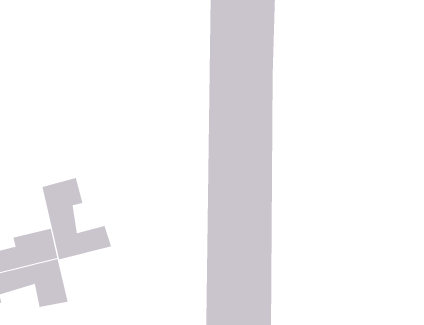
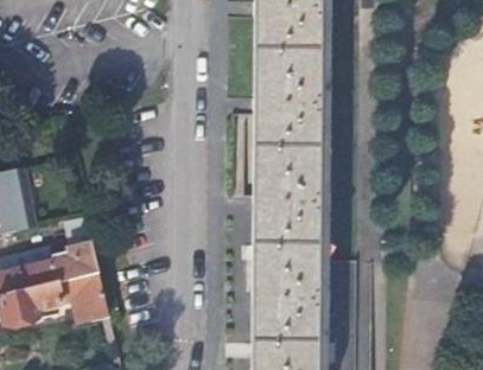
building: [42,177,112,260] -> none

